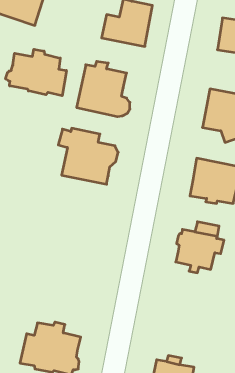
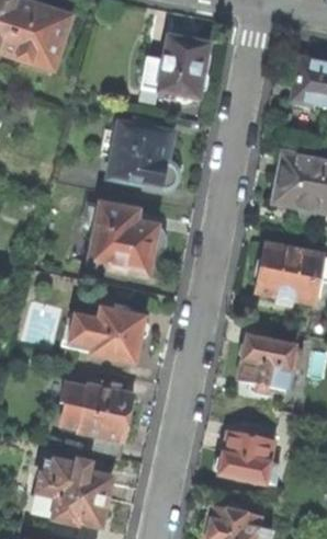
building: [6,49,66,96] -> none
building: none -> [66,306,147,363]
building: none -> [66,380,133,440]
building: none -> [215,428,278,484]

